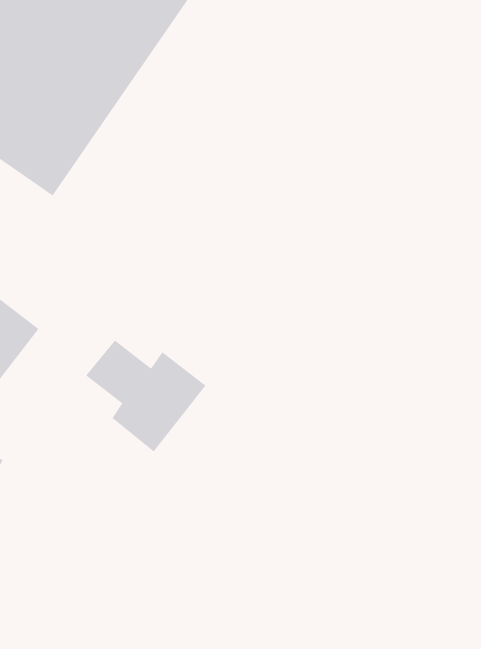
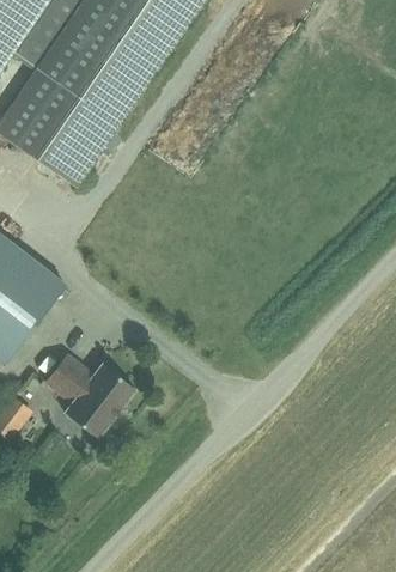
building: [85,340,206,452] -> [47,355,135,438]

